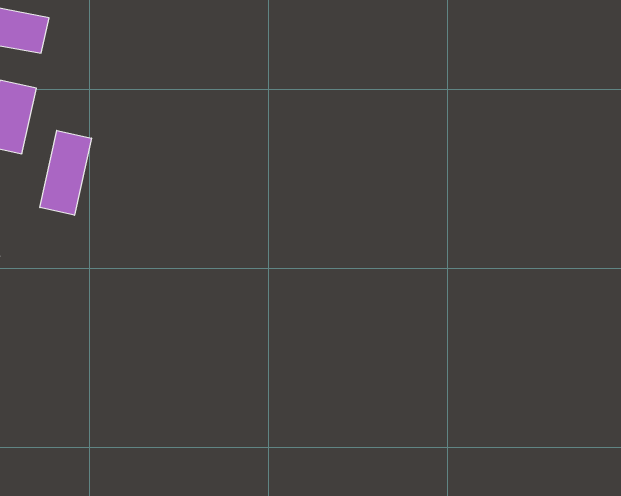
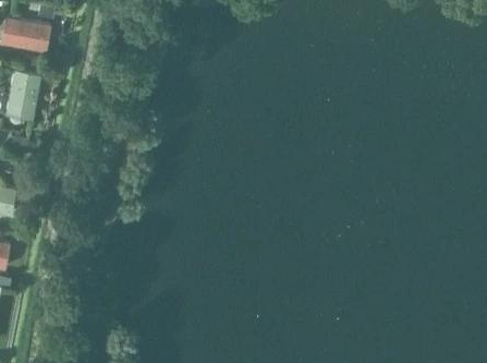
building: [40,130,91,215] -> none

